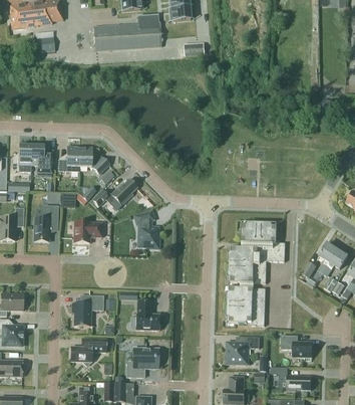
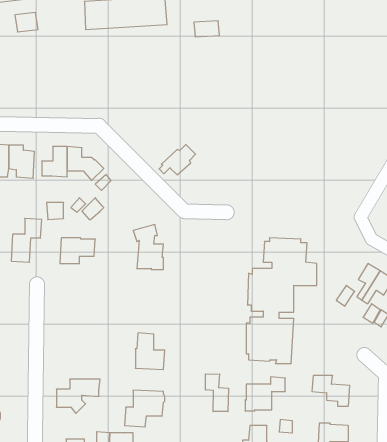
building: [106,179,136,204] -> [159,145,196,175]
building: [71,294,103,325] -> none
building: none -> [205,374,228,412]

